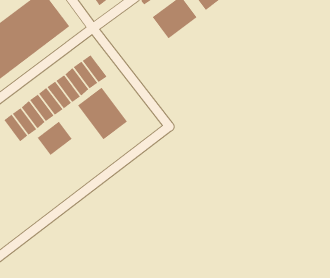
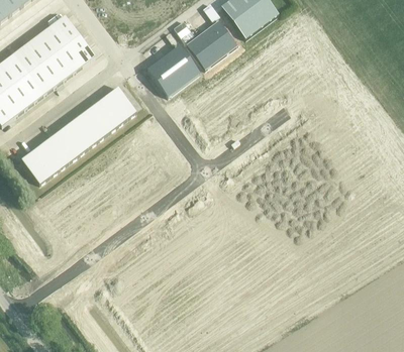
building: none -> [146,45,200,98]
building: [77,87,128,140] -> none
building: [37,121,73,156] -> none

